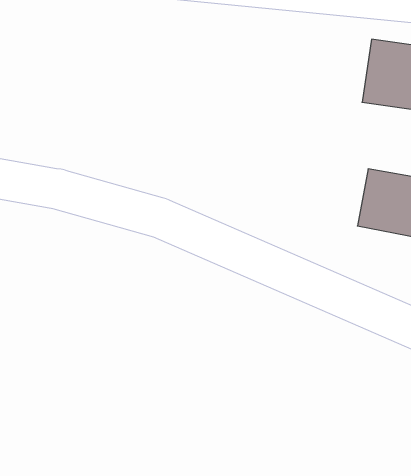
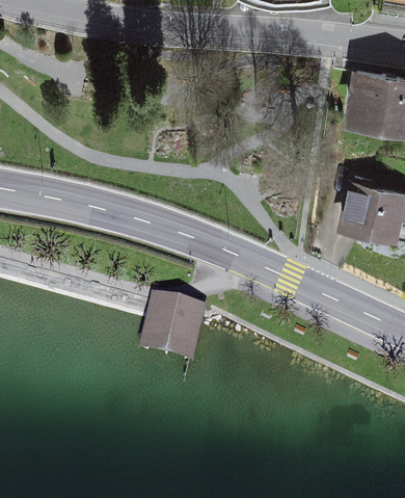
building: none -> [144,297,200,356]

